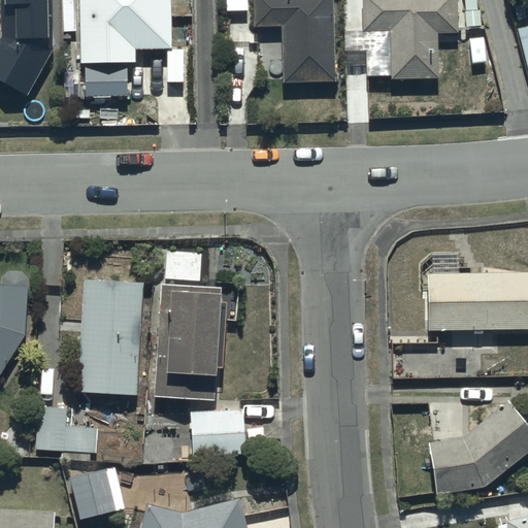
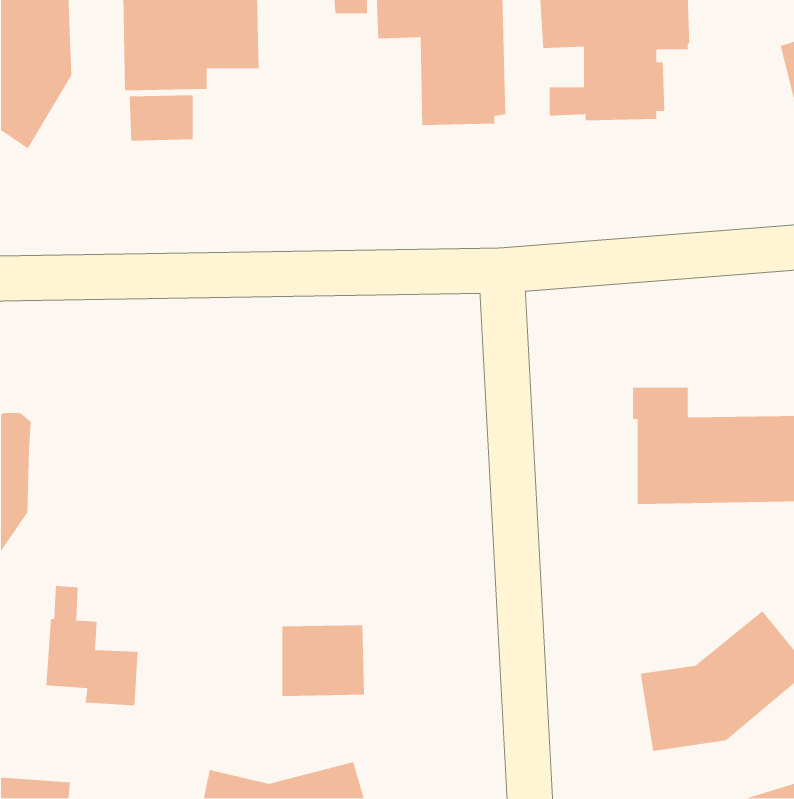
building: [76,279,142,395] -> none
building: [153,285,221,401] -> none
building: [67,464,127,520] -> none

